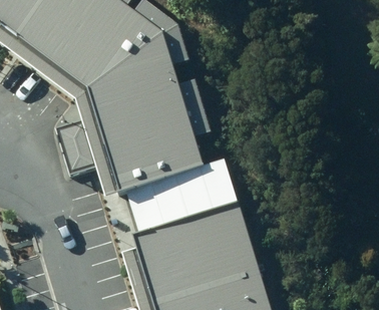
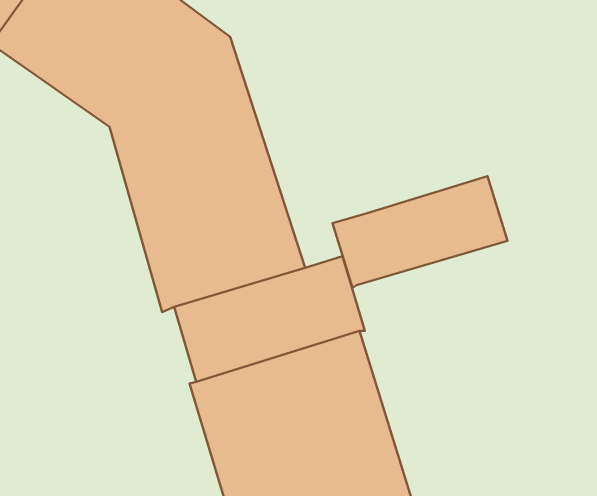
building: none -> [332,176,508,288]

